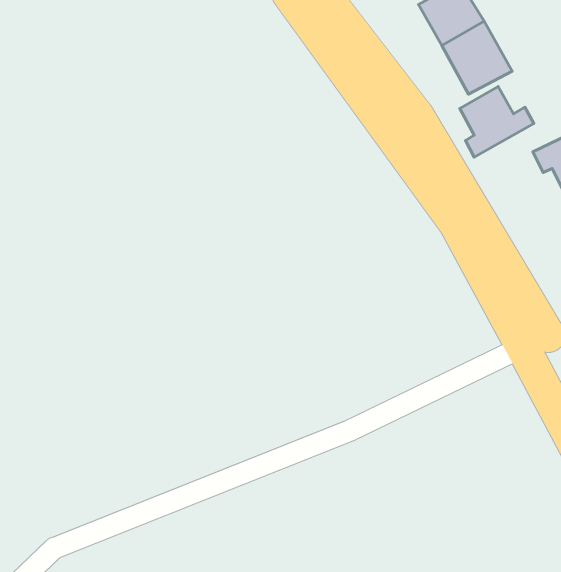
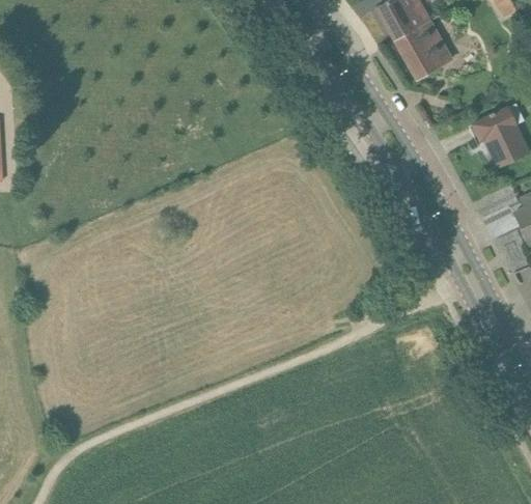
building: [460,86,534,157] -> none

